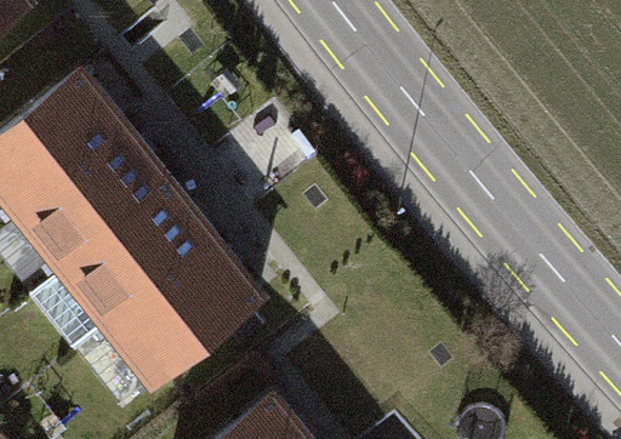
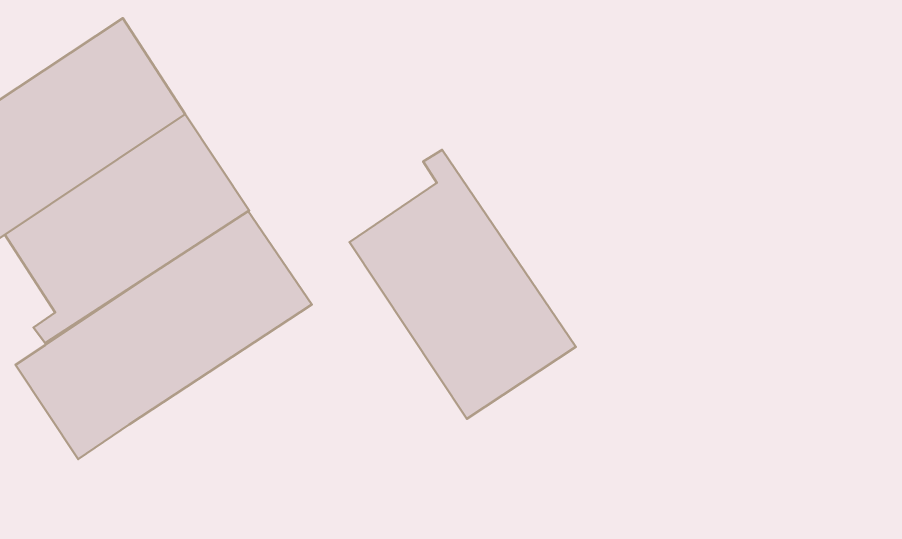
building: none -> [350,150,576,419]
building: [96,243,268,390] -> none

